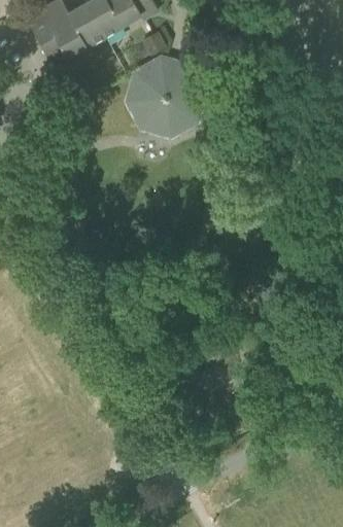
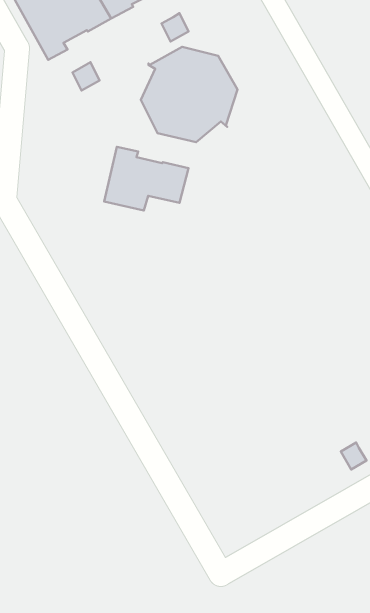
building: none -> [104,147,189,210]

